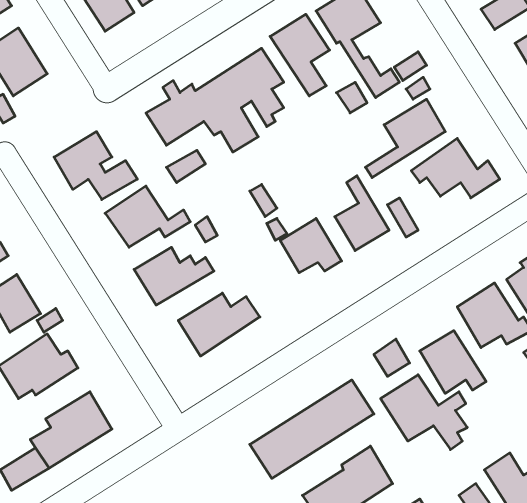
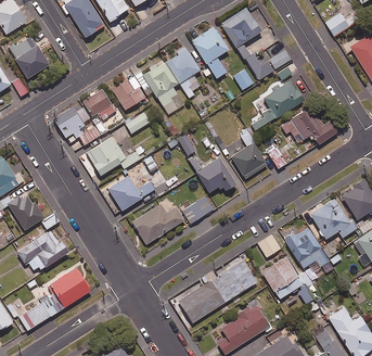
building: none -> [82,88,116,119]
building: none -> [182,195,213,224]

